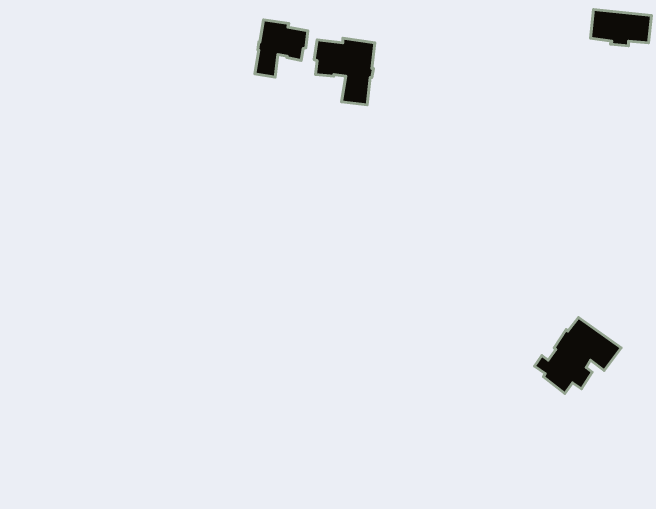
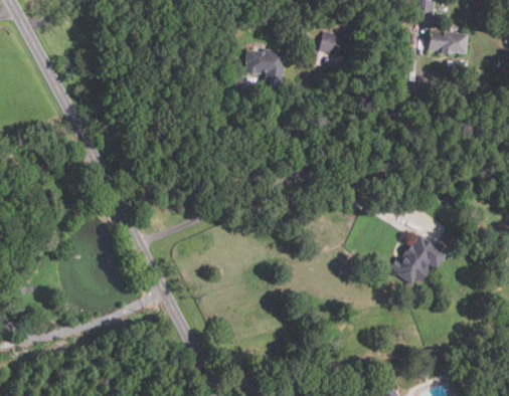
building: none -> [317,30,347,56]
building: [255,20,308,77] -> none

